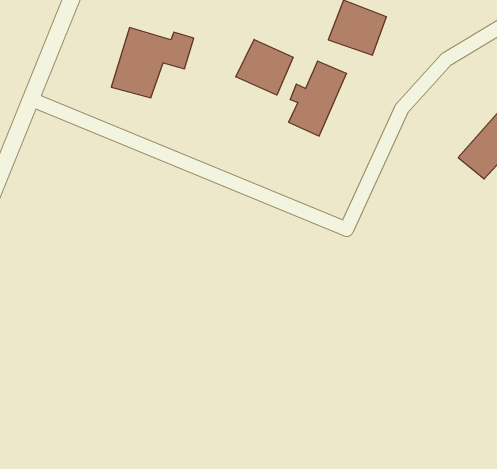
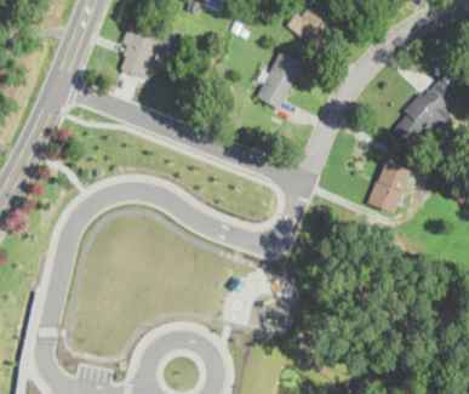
building: [236,39,293,95] -> none
building: none -> [366,161,408,215]

